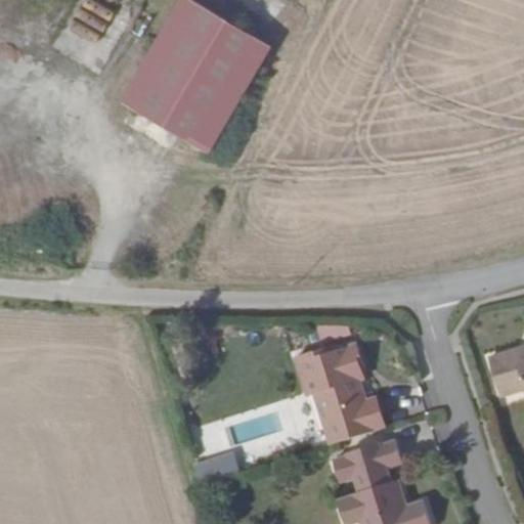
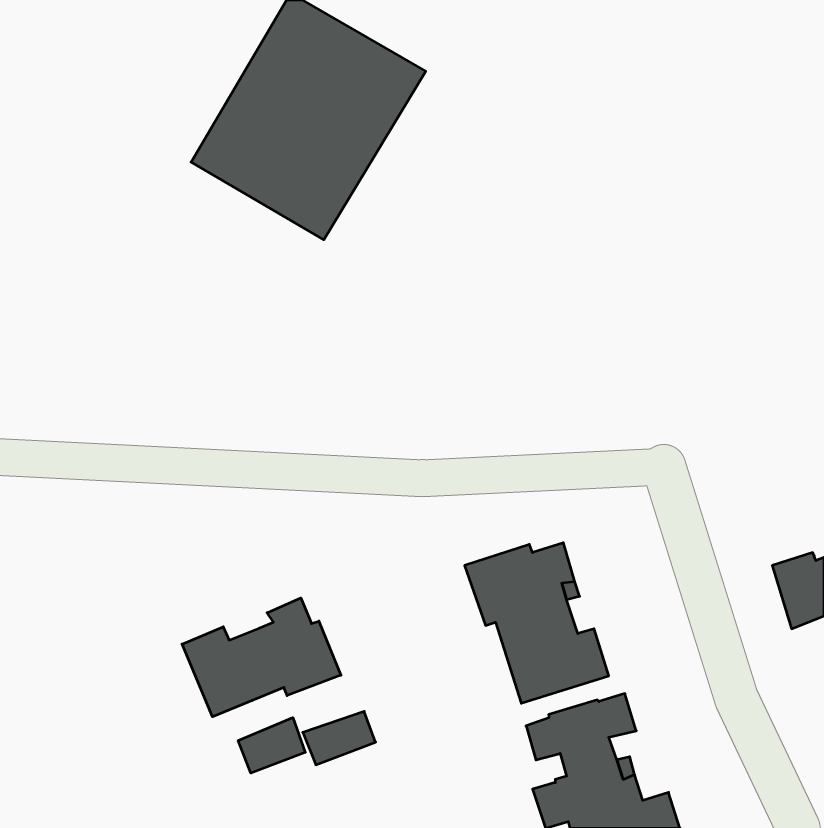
building: none -> [182,598,341,717]
building: none -> [238,718,305,773]

